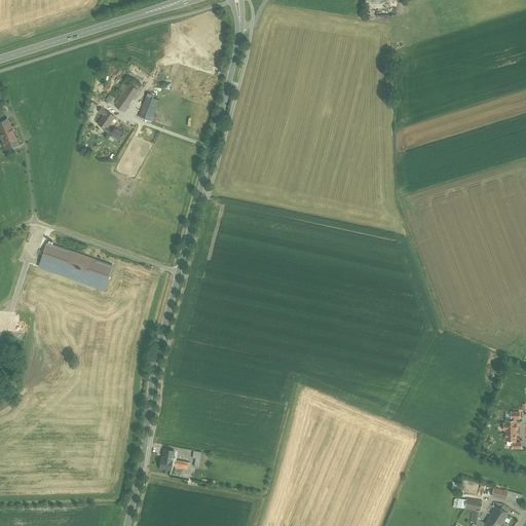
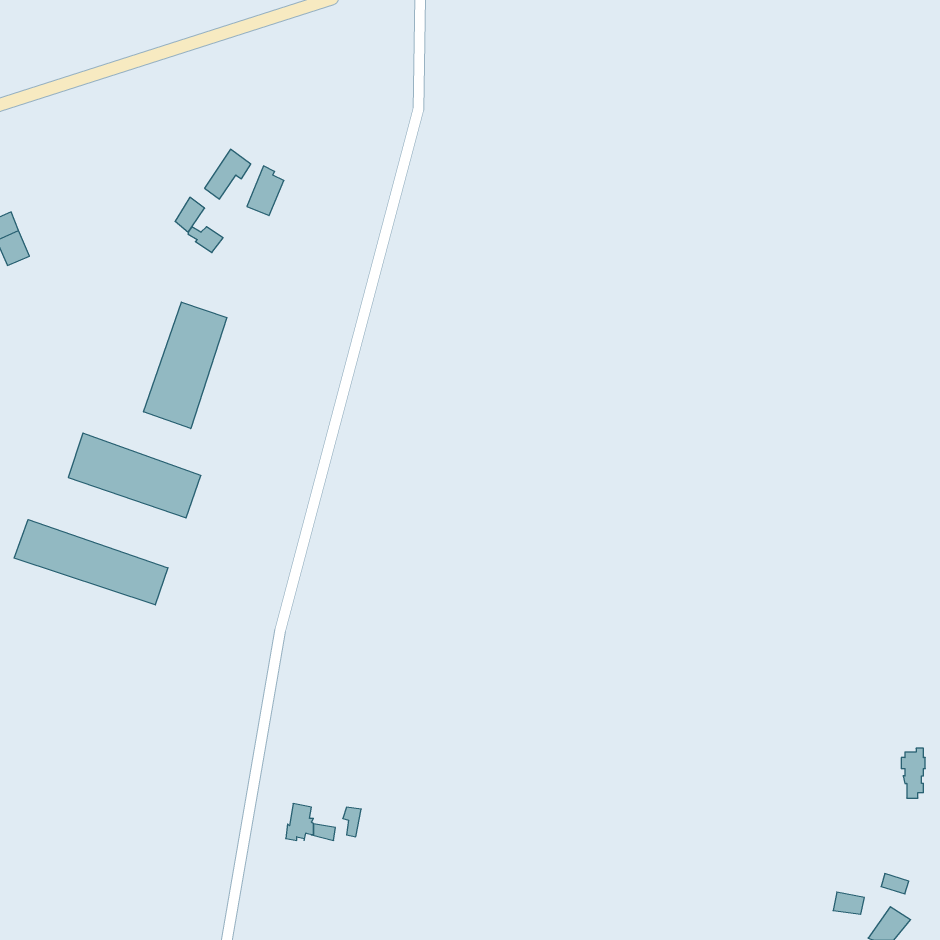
building: none -> [144,302,227,429]
building: none -> [14,520,168,605]

